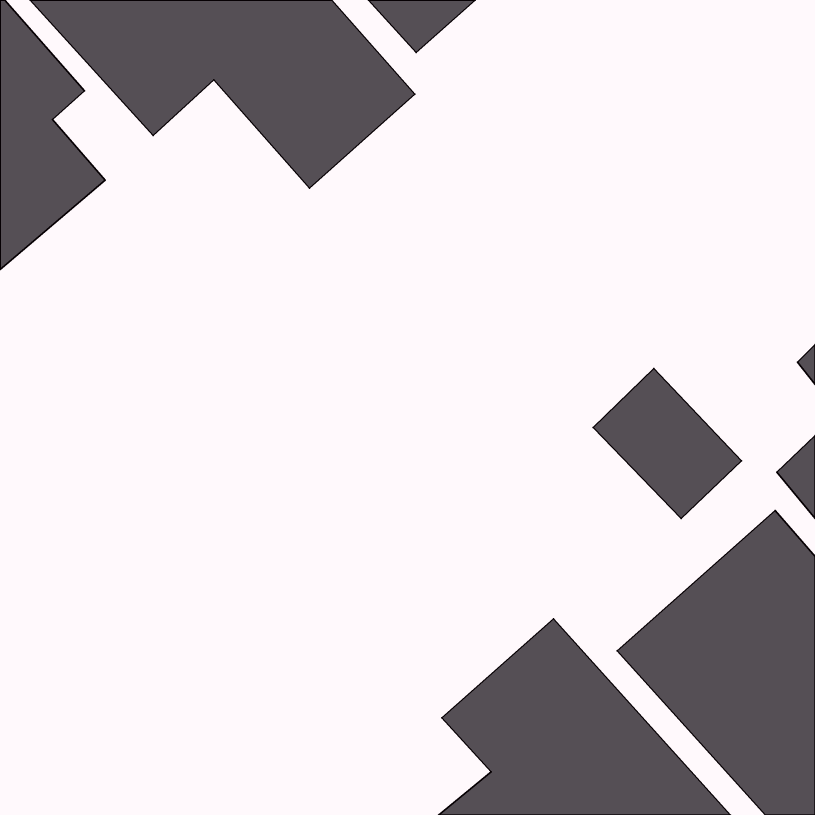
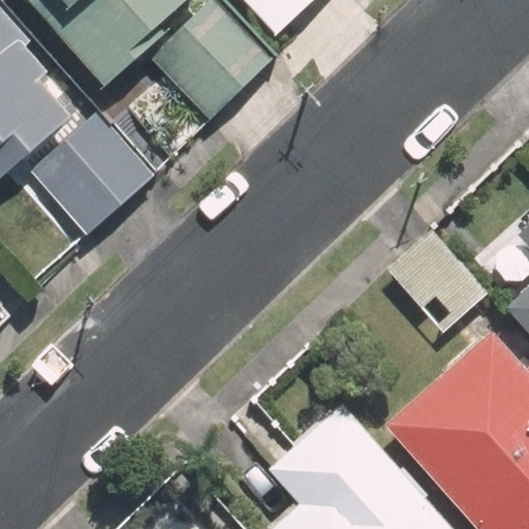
building: none -> [34,100,159,223]

